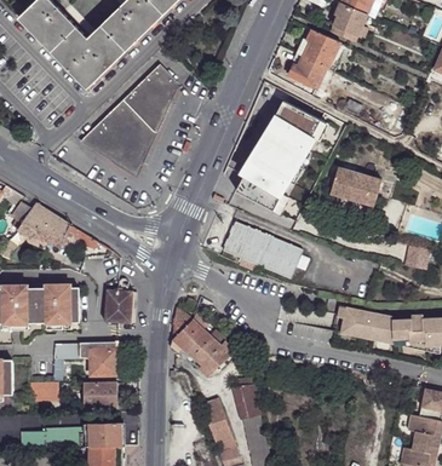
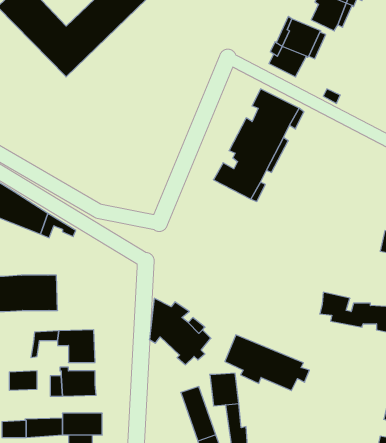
building: [80,64,178,177] -> none
building: [331,167,383,206] -> none
building: [224,223,309,278] -> [225,335,309,391]
building: [104,277,132,323] -> none

